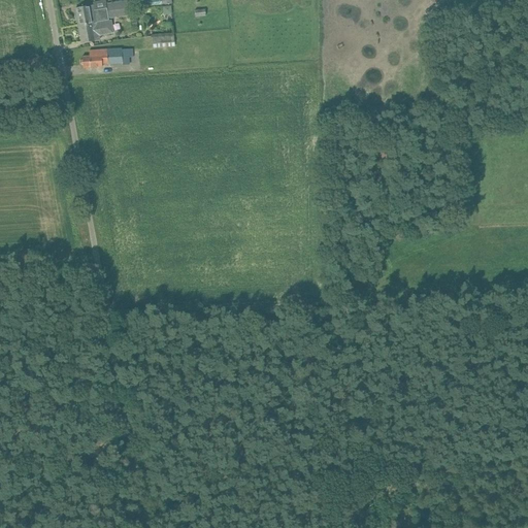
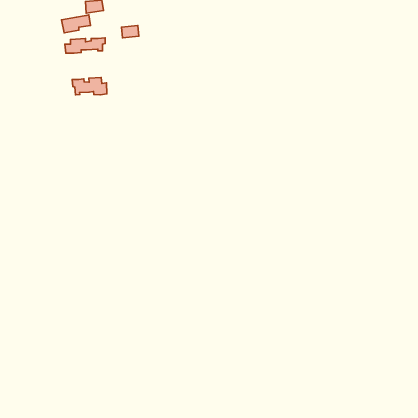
building: [76,4,110,25] -> none
building: none -> [72,78,107,95]

